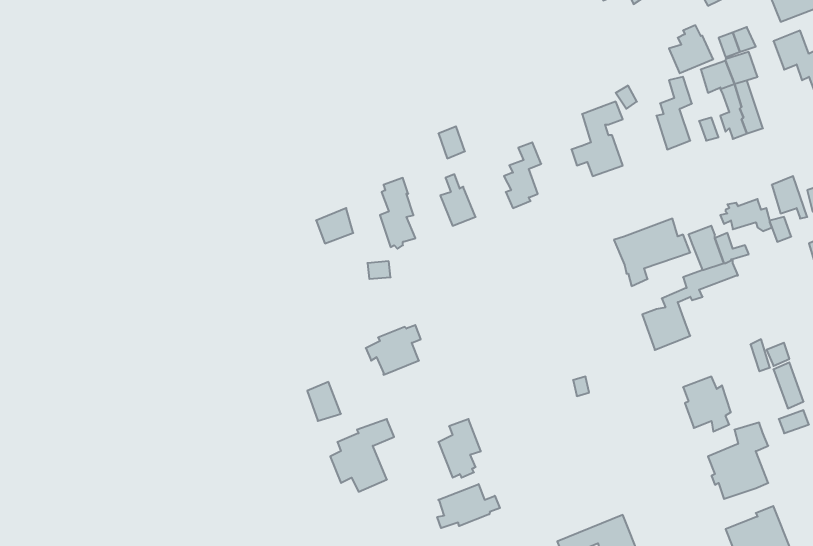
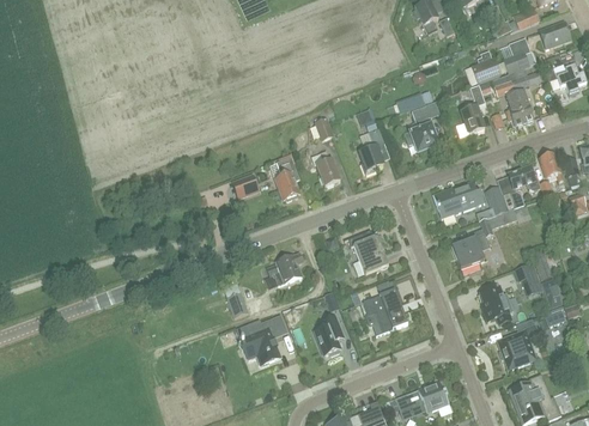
building: none -> [344,232,388,273]
building: none -> [363,290,407,331]
building: [437,484,500,528] -> none

